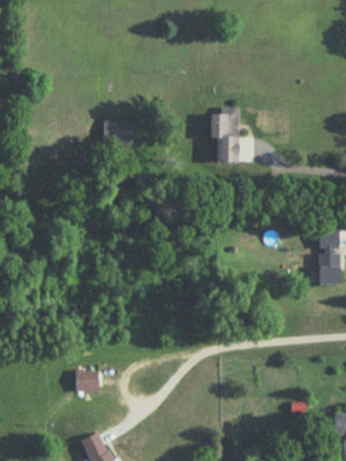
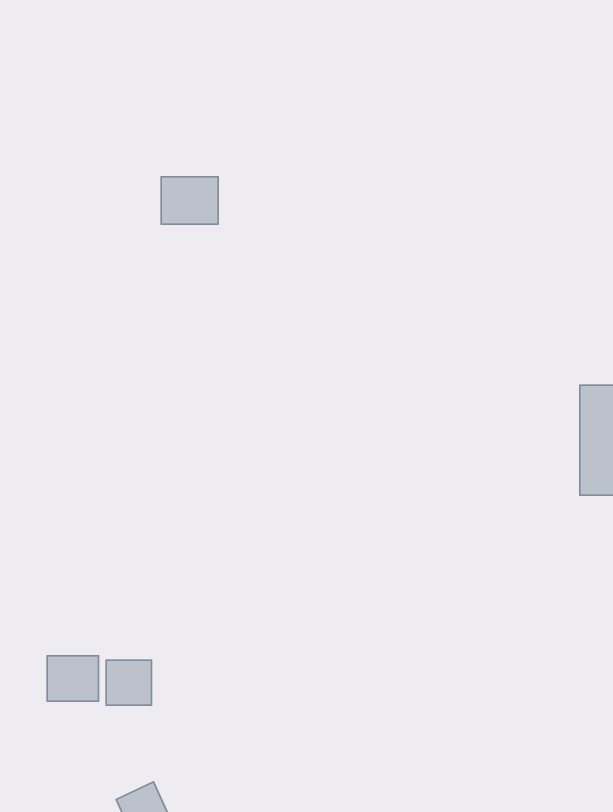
building: [210,108,239,163] -> none
building: none -> [47,656,99,701]

